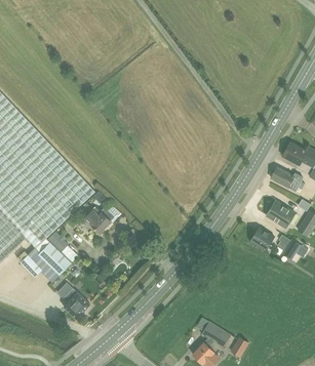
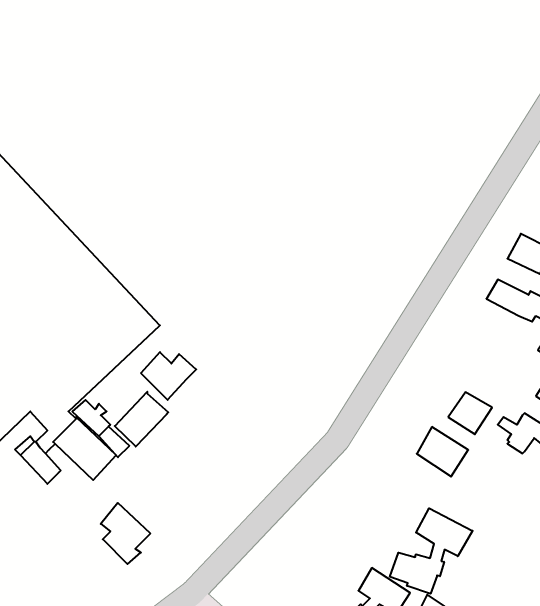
building: [266,201,293,228] -> [417,427,468,477]
building: none -> [115,392,168,447]
building: none -> [390,508,473,594]

